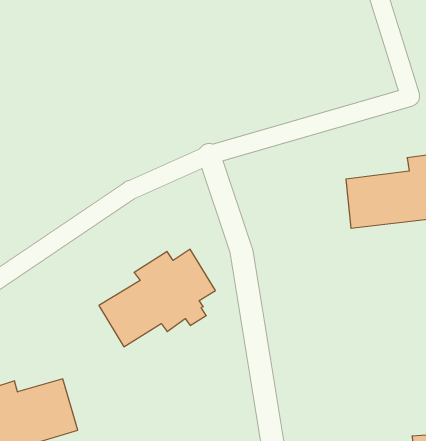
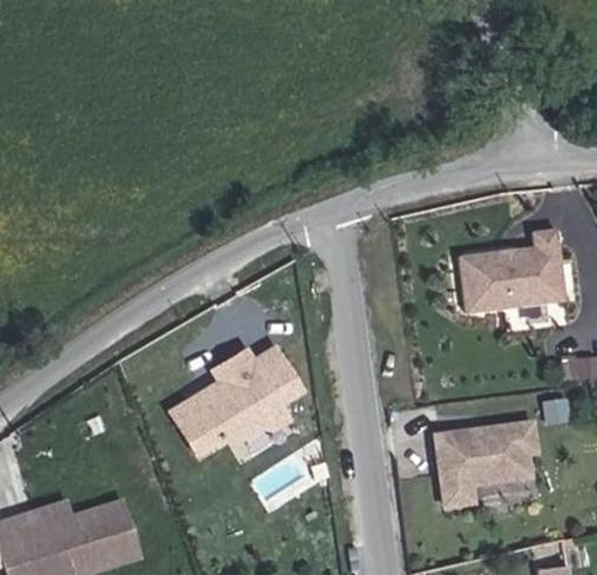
building: none -> [429,419,539,508]

